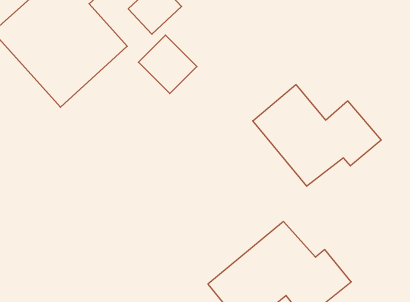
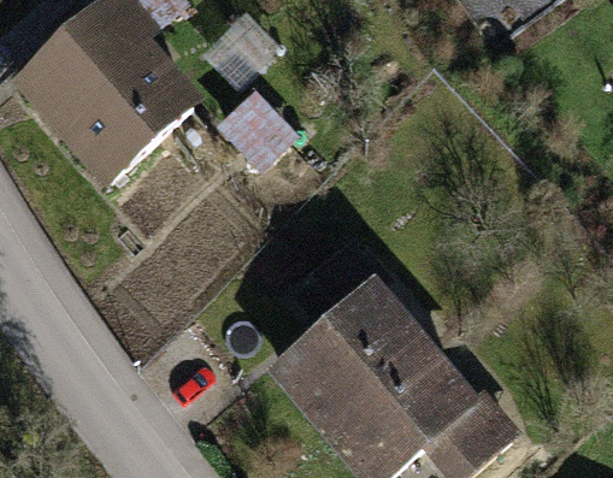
building: [253,85,381,186] -> none
building: none -> [266,230,425,436]

